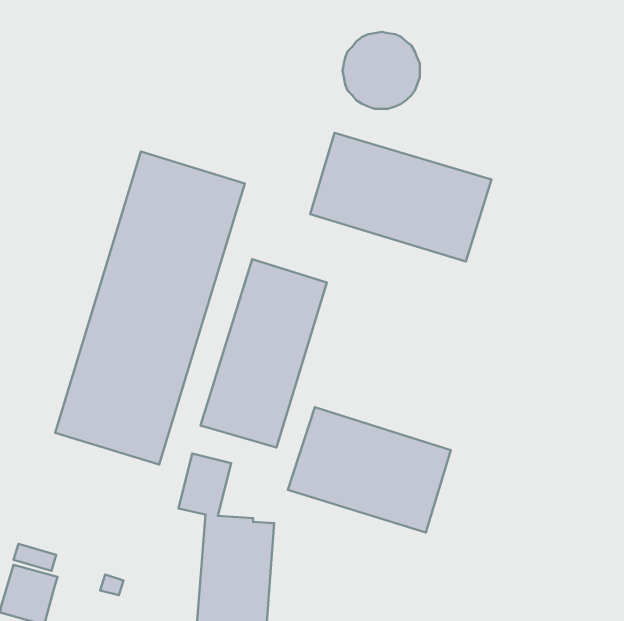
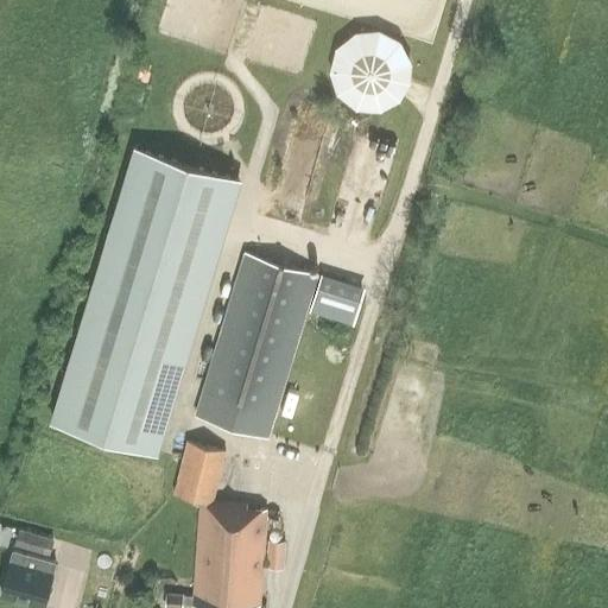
building: [310,133,492,261] -> none
building: none -> [309,277,363,327]
building: [288,407,451,532] -> none

